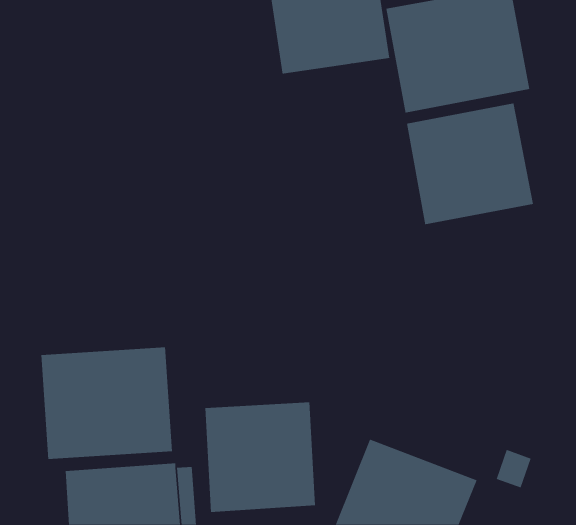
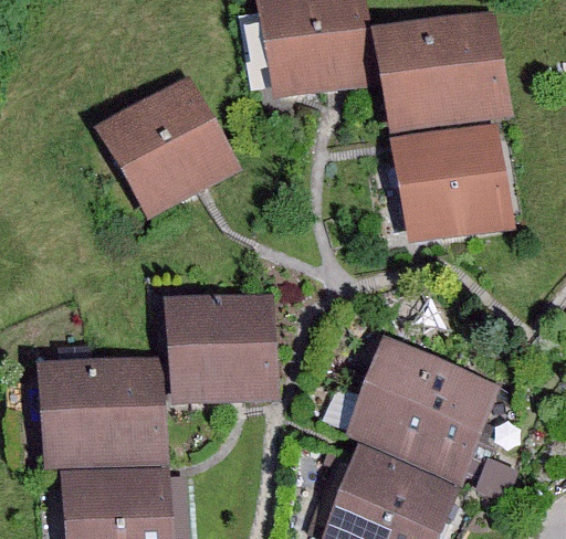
building: none -> [98,77,238,216]
building: none -> [347,339,501,479]
building: [204,402,316,512] -> [168,296,275,402]

